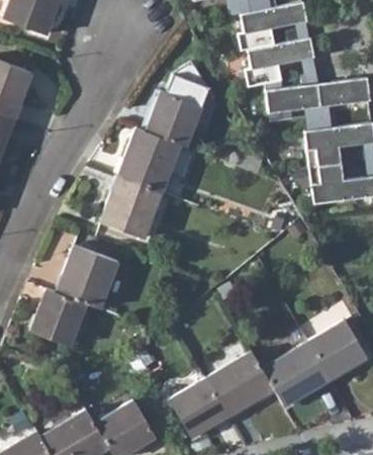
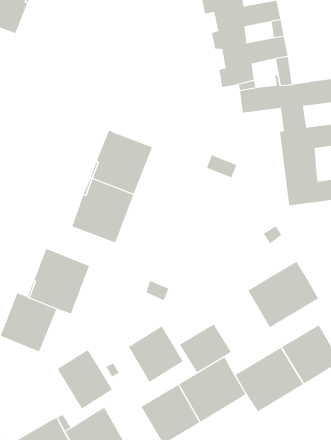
building: [147,63,216,148] -> none
building: none -> [248,261,319,328]
building: none -> [179,323,232,373]
building: none -> [128,325,183,383]
building: none -> [57,349,113,409]

